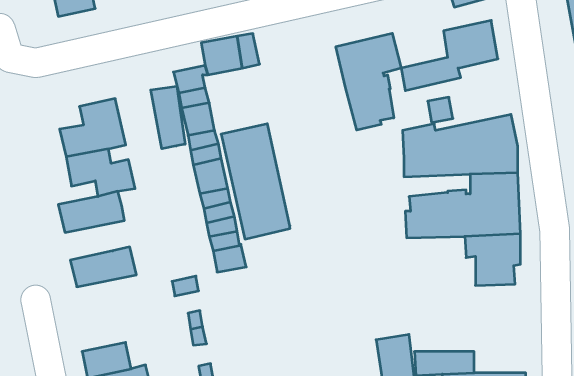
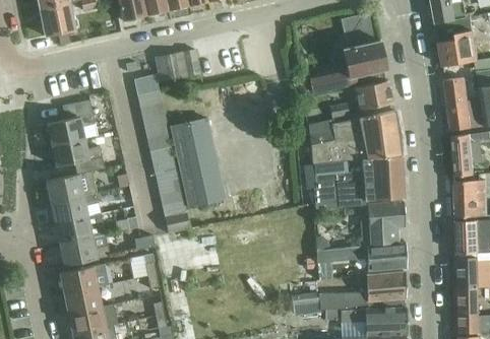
building: [336,33,401,130] -> none
building: none -> [349,81,391,111]
building: [151,86,185,149] -> none
building: none -> [51,193,99,223]
building: none -> [60,234,110,265]
building: none -> [325,242,404,268]
building: none -> [60,264,109,293]
building: none -> [365,273,404,303]

